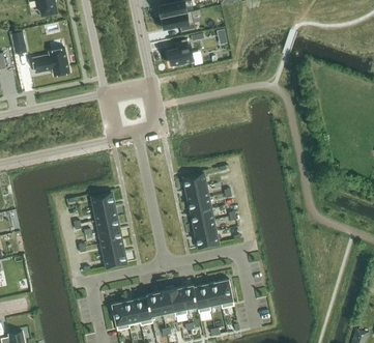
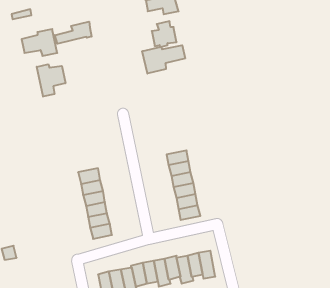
building: none -> [55,22,92,44]
building: none -> [142,45,185,74]
building: none -> [37,64,65,97]

